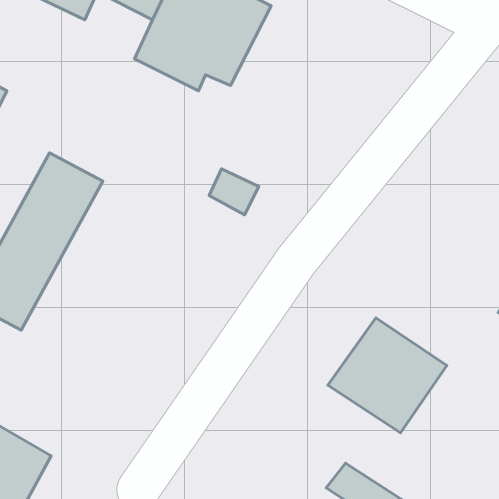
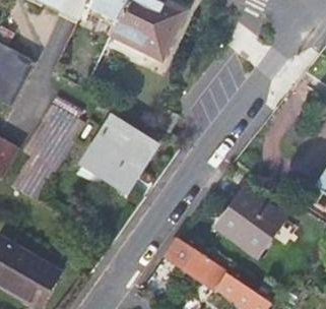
building: none -> [81,118,152,191]
building: none -> [166,239,211,280]

